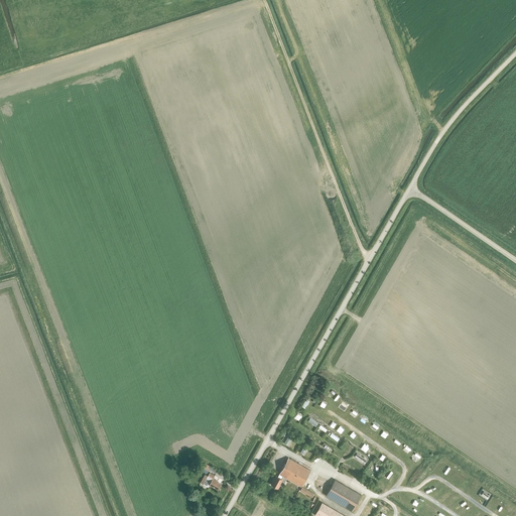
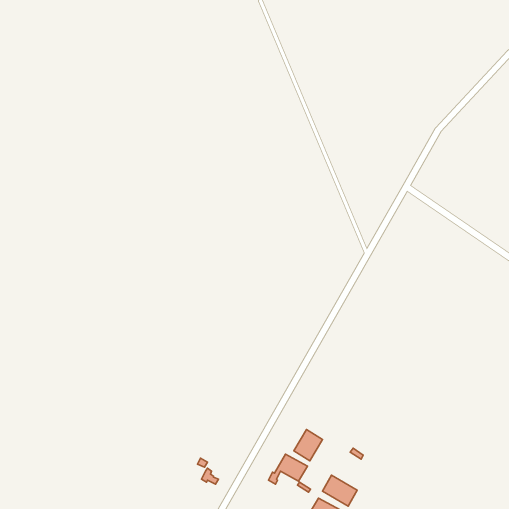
building: none -> [294,430,323,461]

